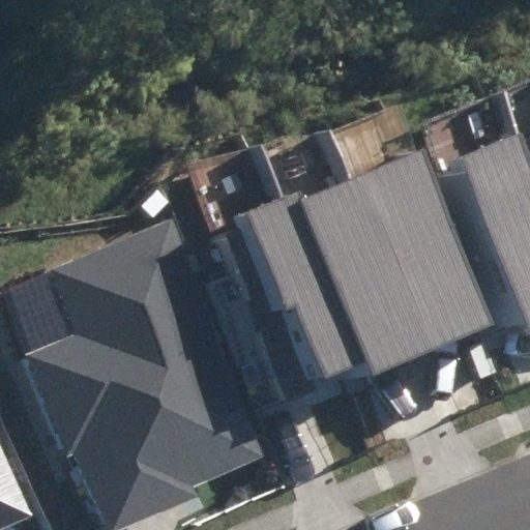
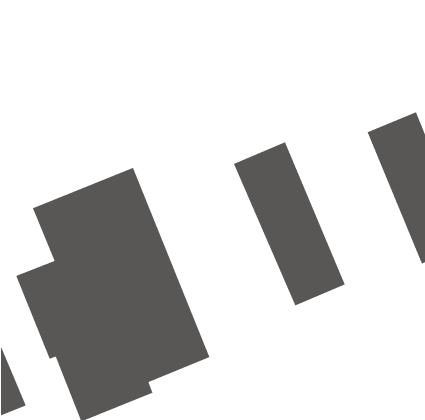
building: [356,155,498,361] -> none
building: [211,207,362,410] -> none

